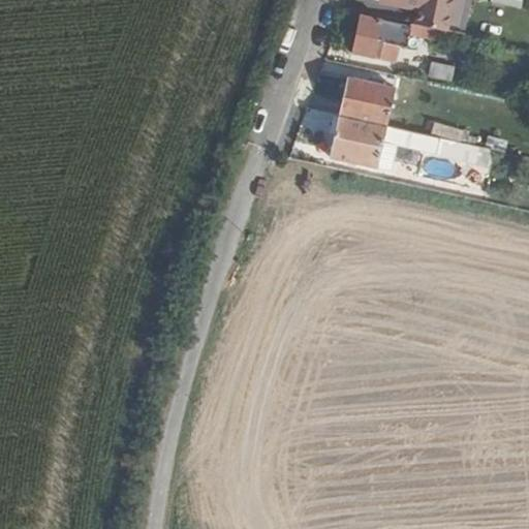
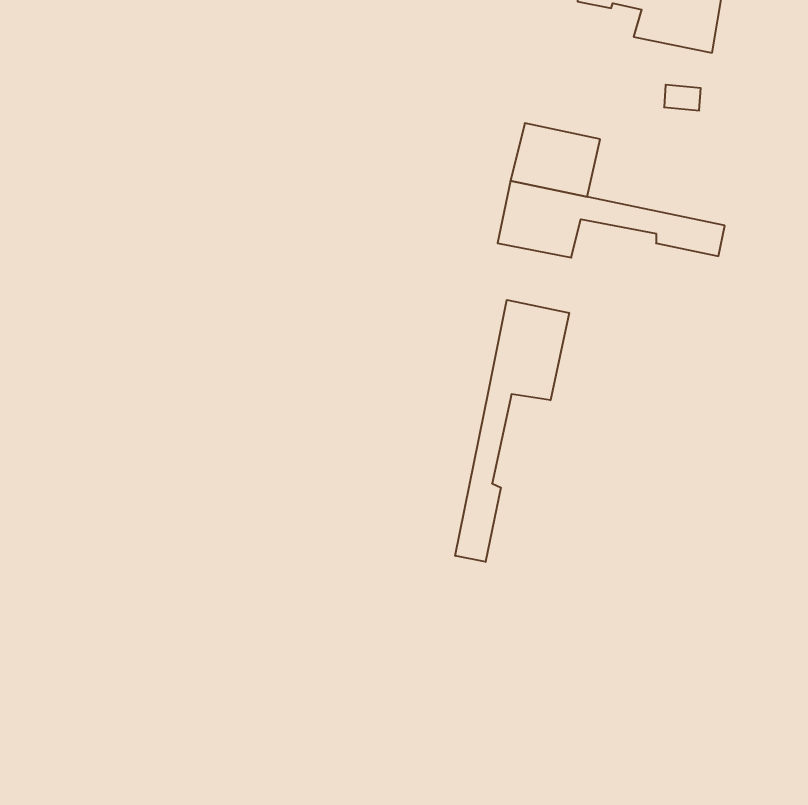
building: [348,14,412,58] -> none
building: none -> [455,300,569,562]

